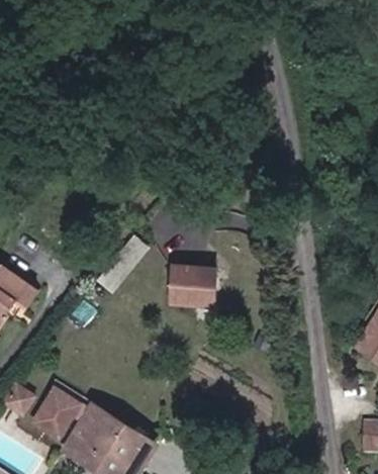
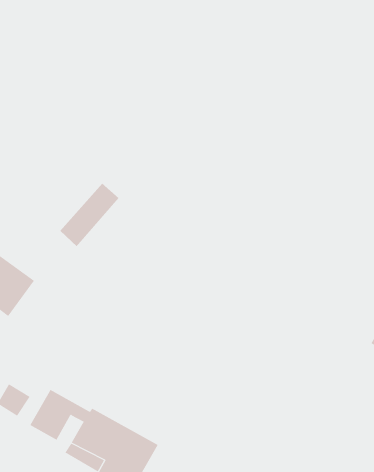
building: [92,234,148,294] -> [59,183,120,247]
building: [170,265,215,305] -> none

